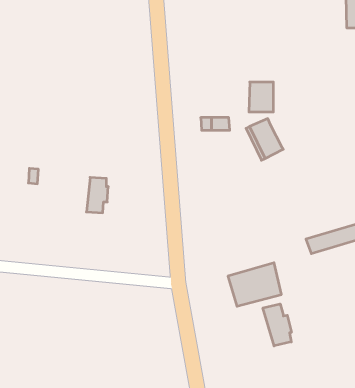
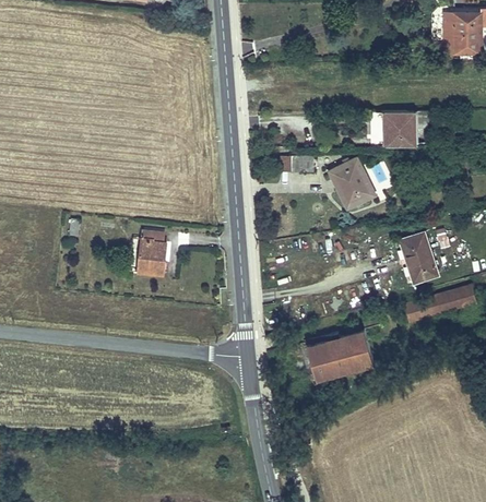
building: [249,82,273,112] -> [382,111,412,147]
building: none -> [401,232,441,288]
building: [263,304,291,346] -> none

